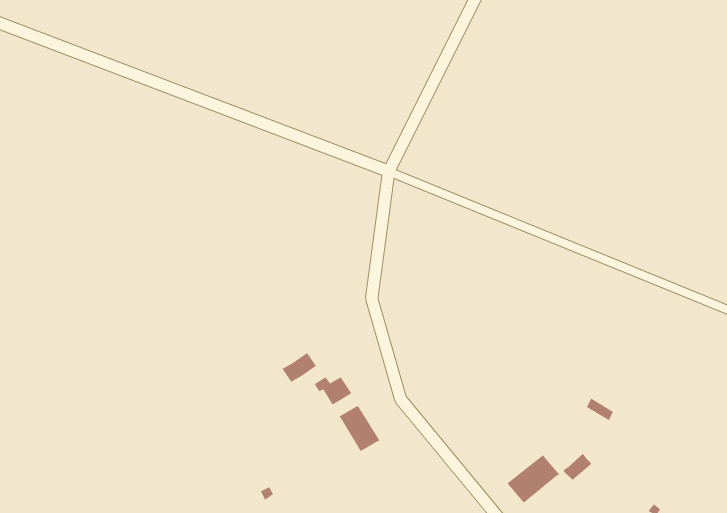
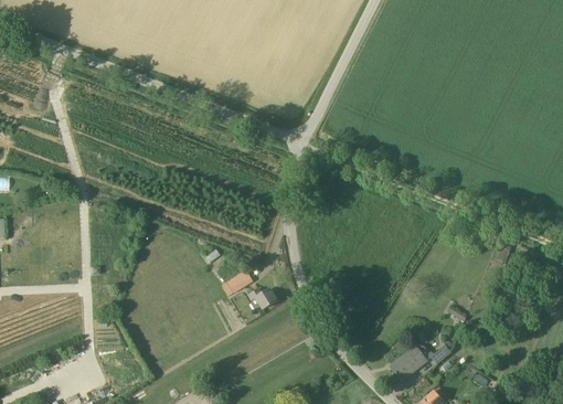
building: [338,405,380,452] -> none

